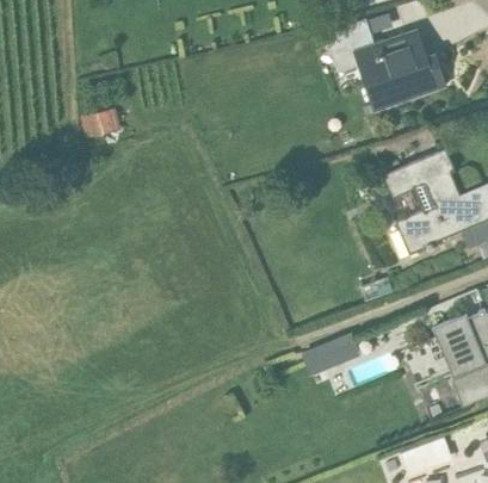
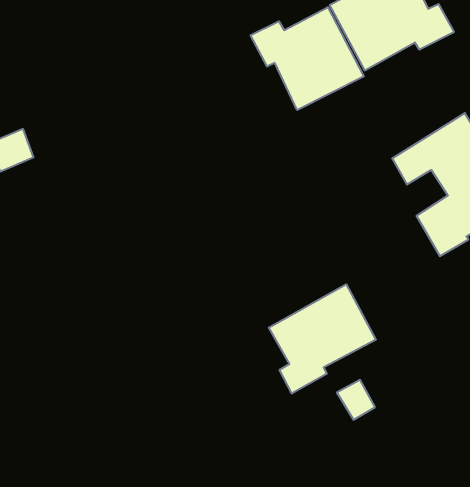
building: none -> [251,7,364,110]
building: none -> [269,284,376,394]

